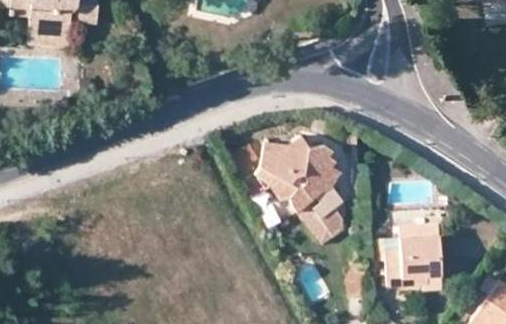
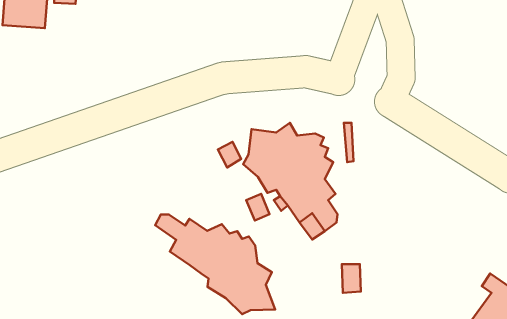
building: none -> [155,214,275,314]
building: [377,222,441,286] -> none

